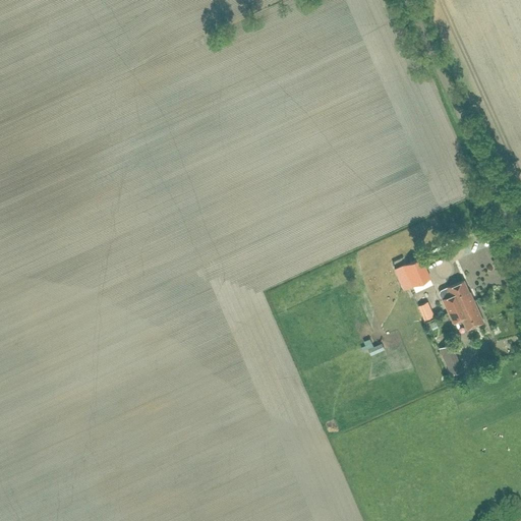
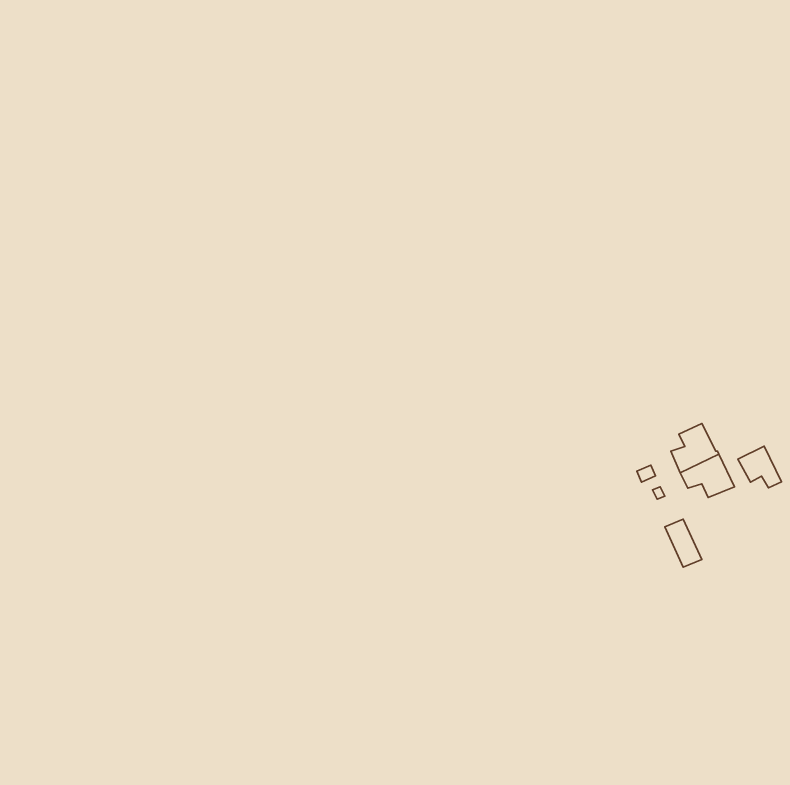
building: [403,258,430,288] -> none
building: none -> [738,446,781,488]

